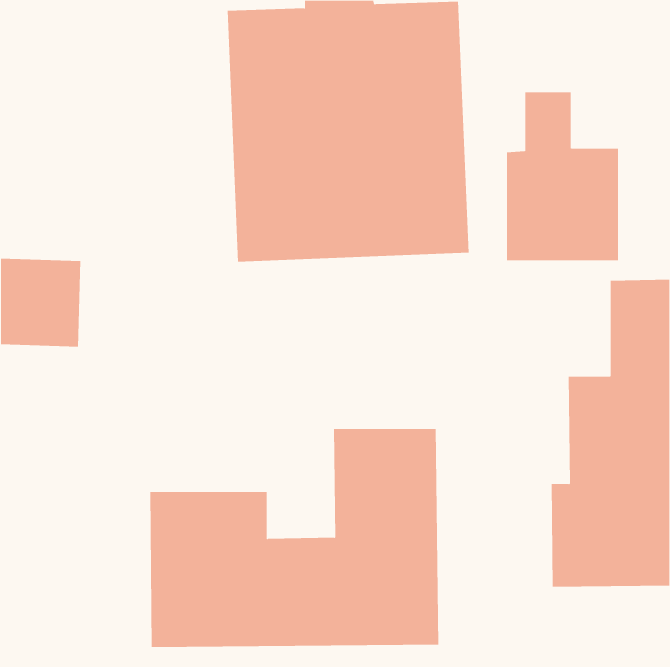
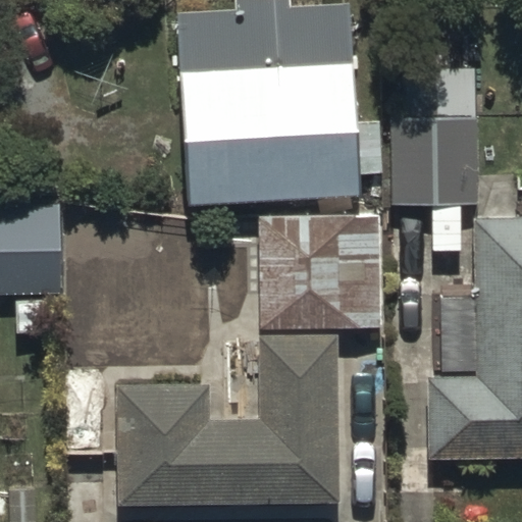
building: none -> [258,214,381,328]

